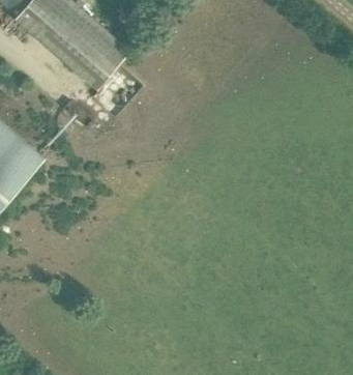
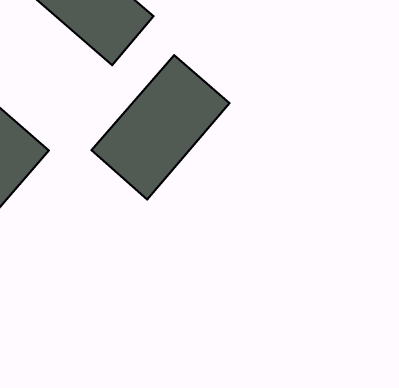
building: none -> [91,55,230,199]

